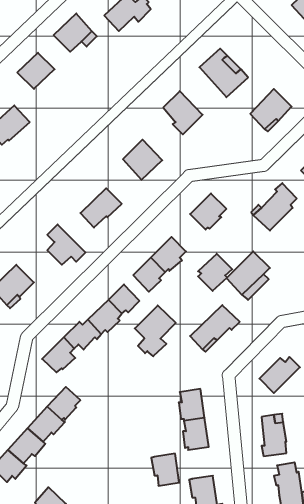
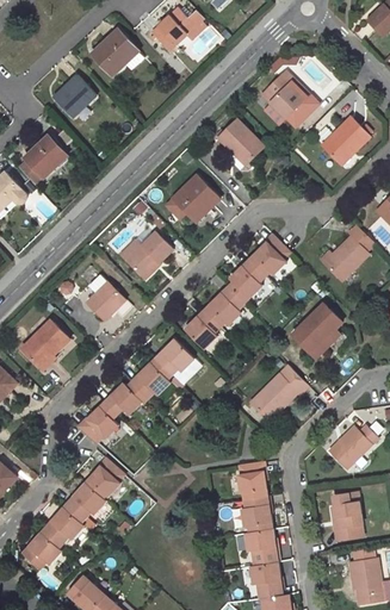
building: [198,254,232,291] -> [229,260,268,303]
building: [135,305,176,356] -> none
building: [151,454,179,486] -> [244,528,277,565]

